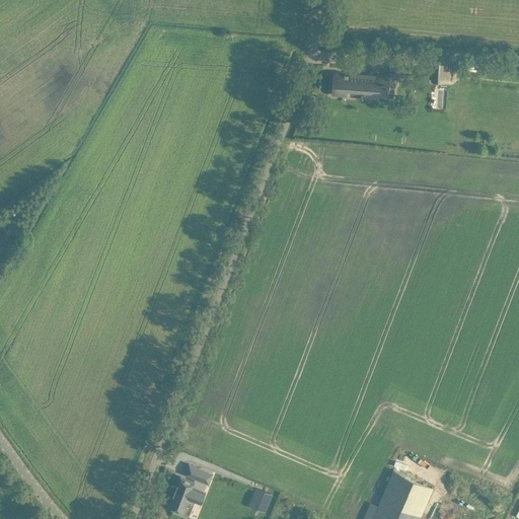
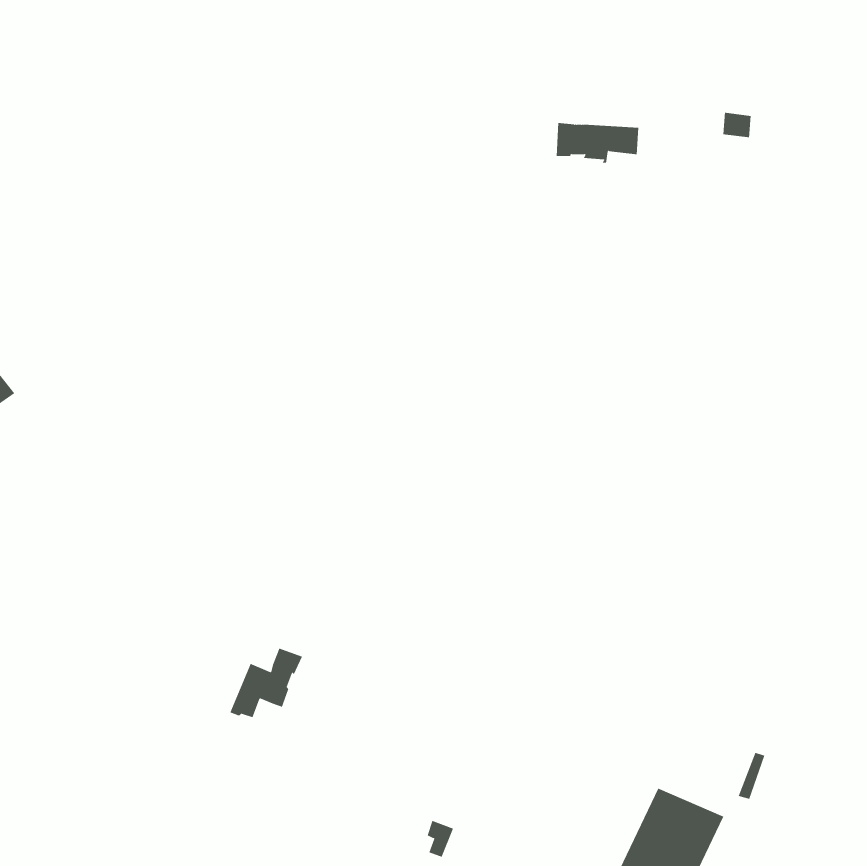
building: [168,469,212,513] -> [230,648,303,721]

